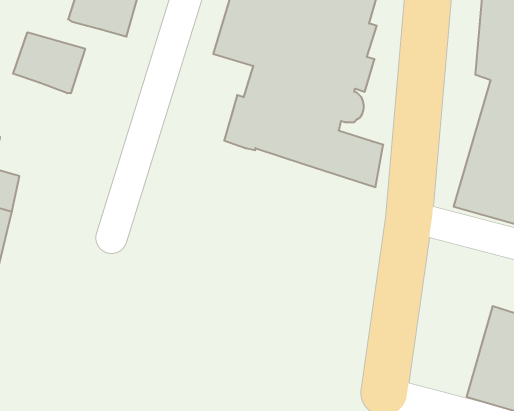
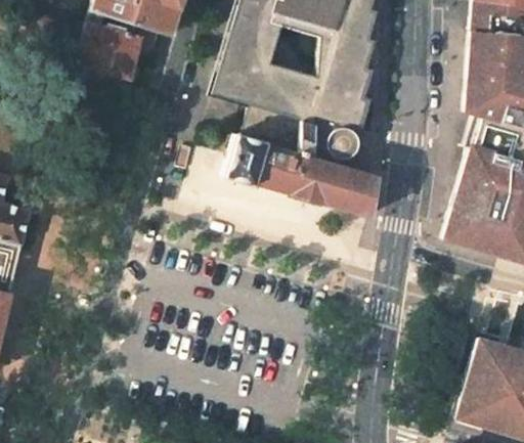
building: [13,32,85,93] -> none

